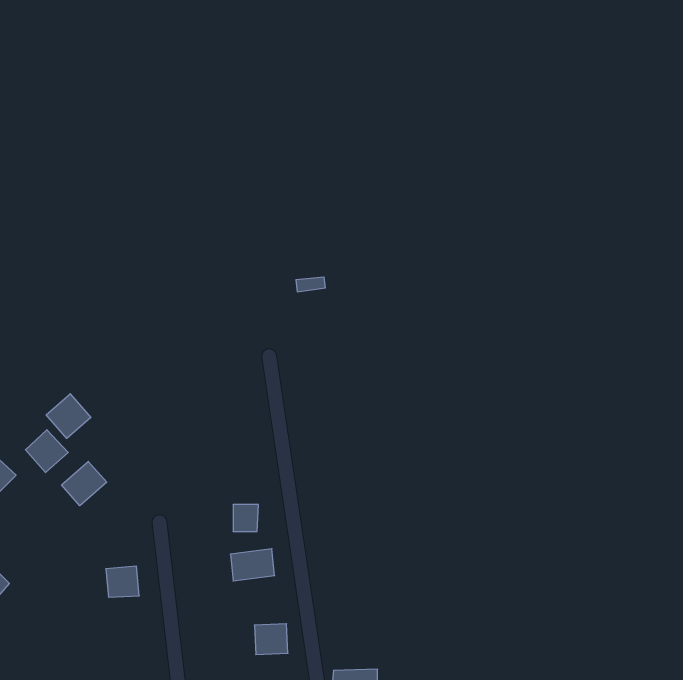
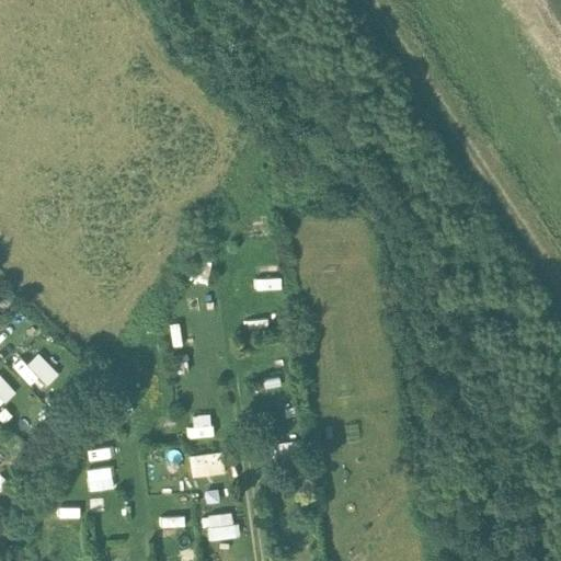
building: [46,394,91,438] -> none
building: [62,461,107,506] -> none

